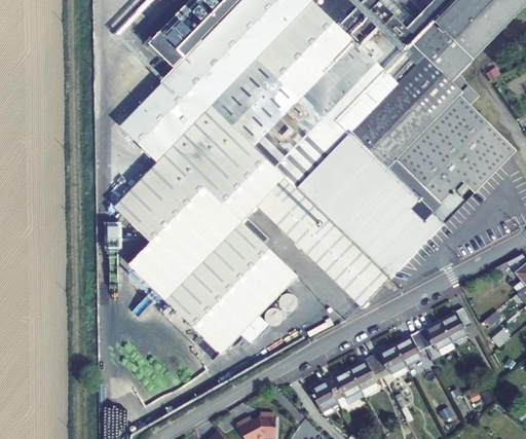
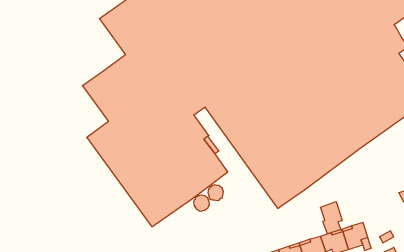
building: none -> [321,202,342,234]

